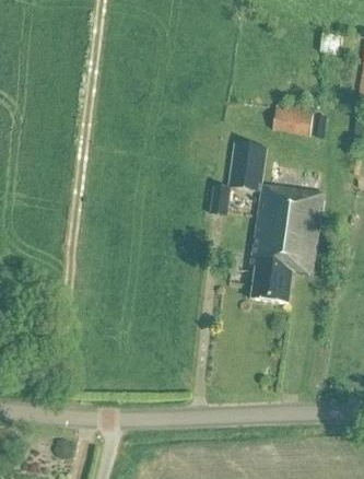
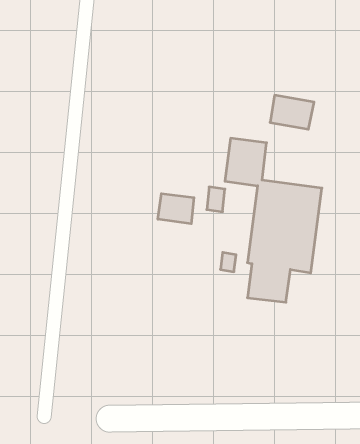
building: none -> [158,194,194,224]

